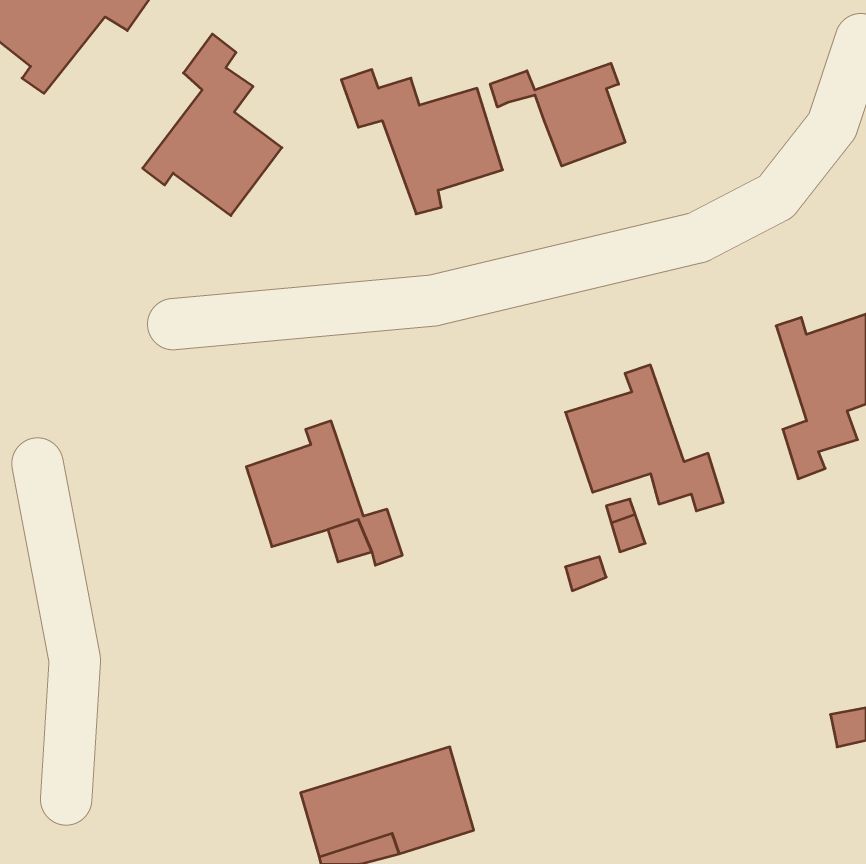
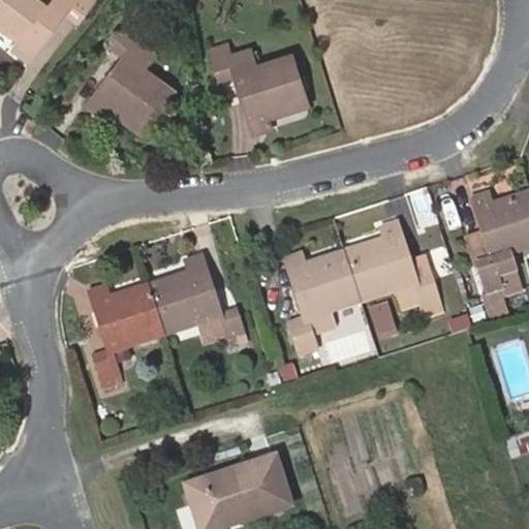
building: [490,63,625,166] -> none
building: none -> [285,251,361,351]
building: none -> [91,284,165,384]

